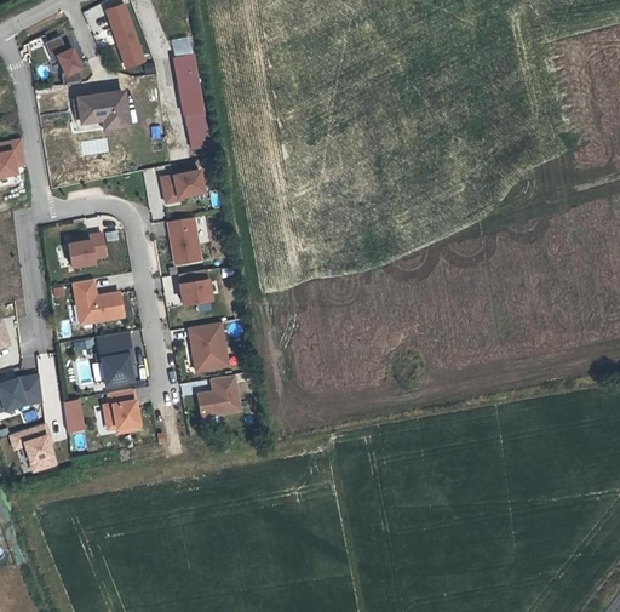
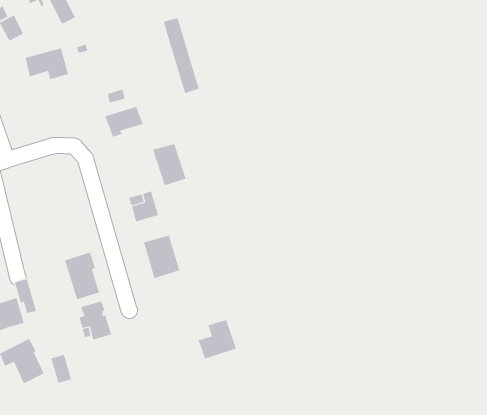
building: [174,55,207,143] -> [163,18,200,94]
building: [168,217,203,264] -> [152,143,186,186]
building: [68,233,105,267] -> none
building: [73,279,124,324] -> none
building: [197,374,241,417] -> [198,320,237,359]
building: [63,400,85,433] -> [50,354,72,383]

